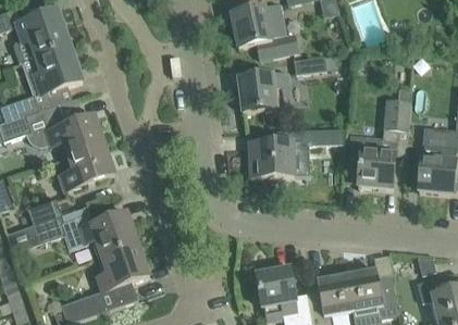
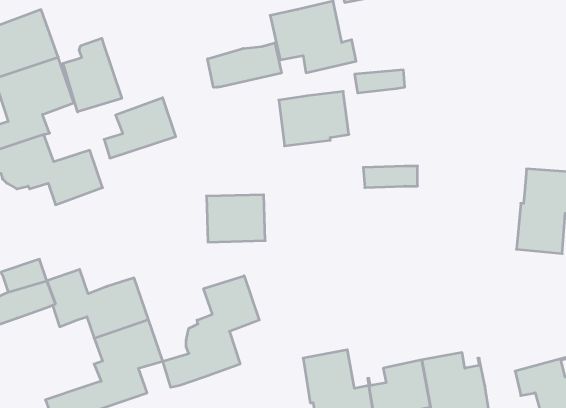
building: none -> [63,38,122,112]
building: none -> [208,43,281,87]
building: [349,88,413,188] -> none
building: [250,140,295,176] -> [206,195,265,242]
building: [60,143,114,189] -> [104,98,176,158]
building: none -> [163,276,259,387]

